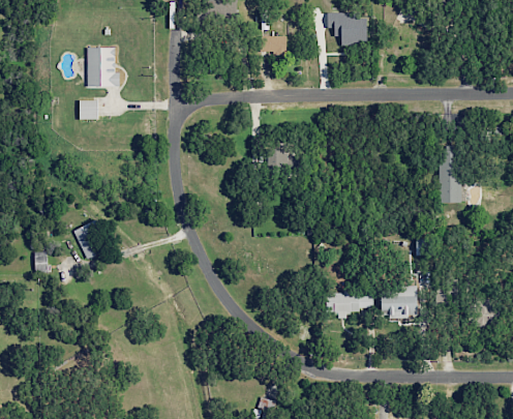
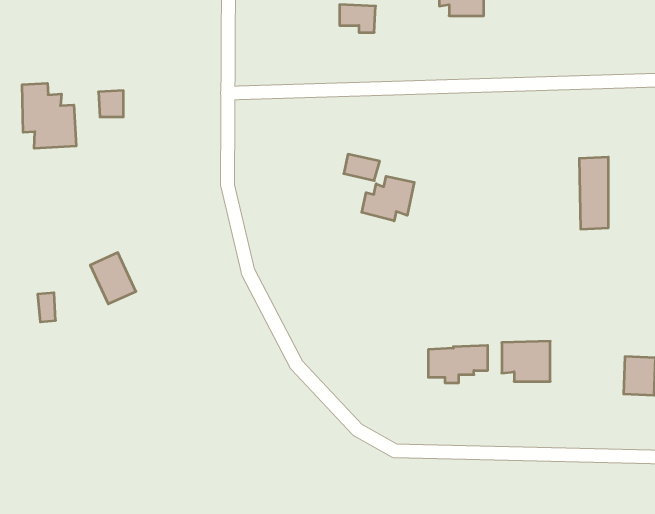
building: [86,48,119,86] -> none
building: none -> [22,83,76,148]
building: none -> [362,176,414,221]

